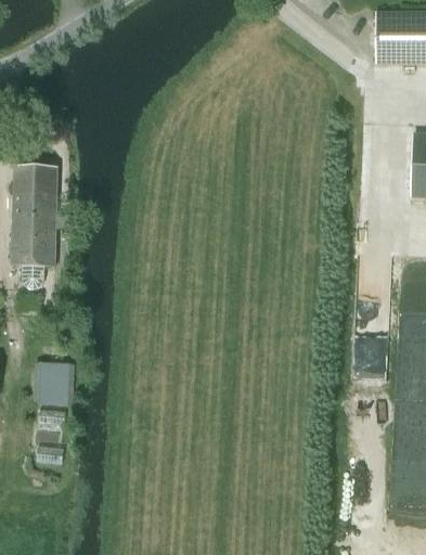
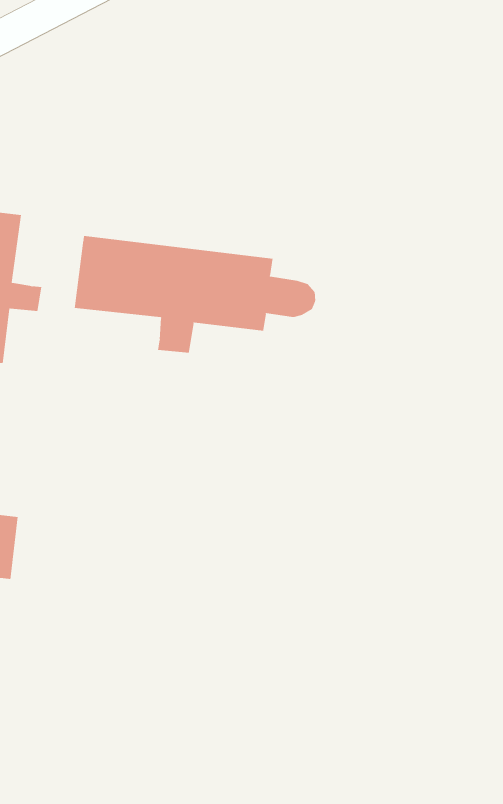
building: none -> [74,235,316,353]

